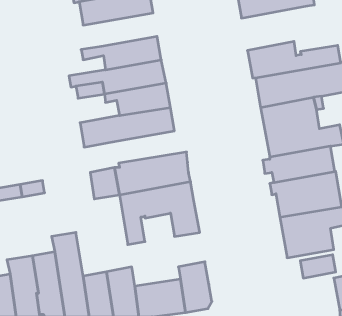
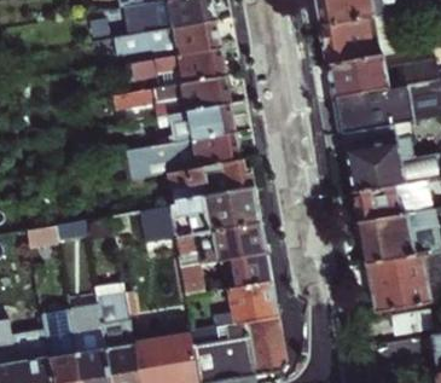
building: none -> [319,12,404,65]
building: none -> [111,21,219,60]
building: none -> [166,161,253,201]
building: none -> [190,282,275,346]

